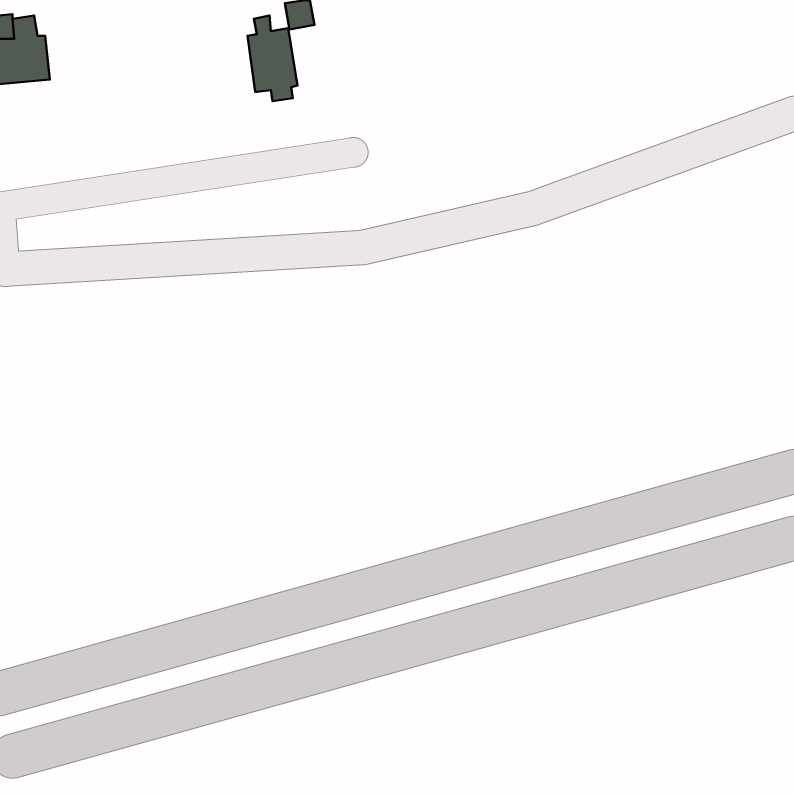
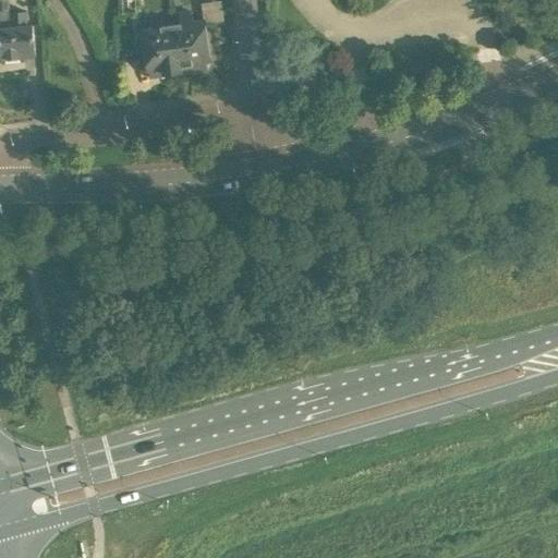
building: none -> [138,15,181,77]

